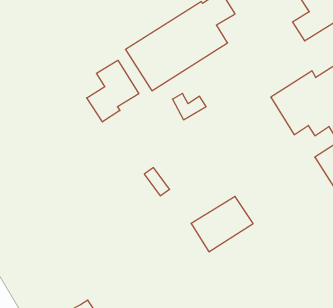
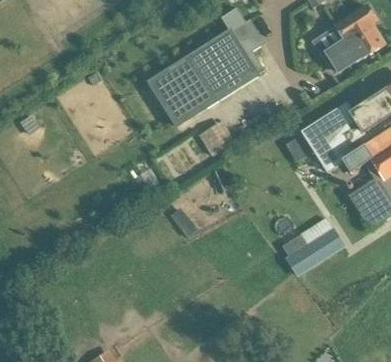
building: [87,60,139,122] -> none
building: [191,196,253,252] -> [278,215,344,274]

